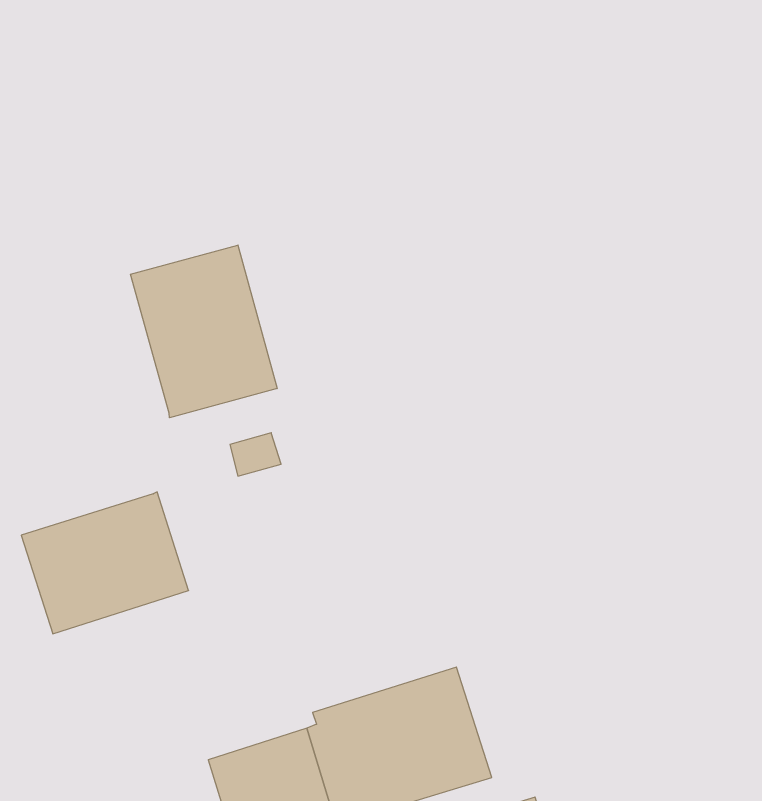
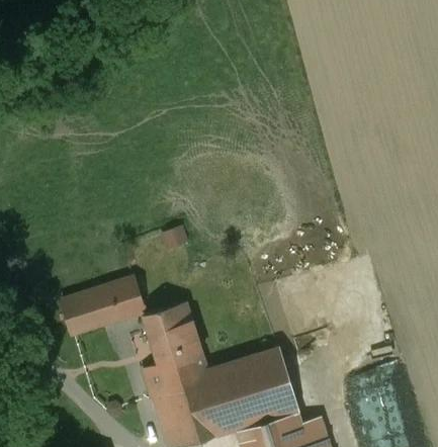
building: [130,245,277,418] -> none
building: none -> [144,306,208,399]

